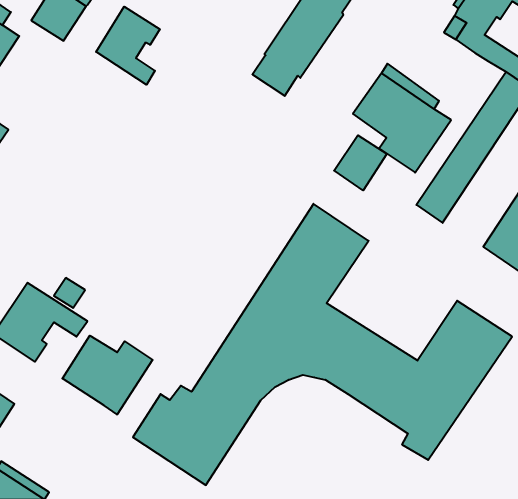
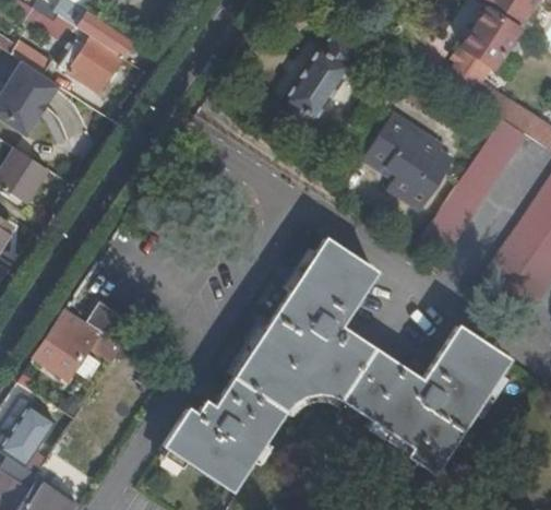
building: [96,7,160,85] -> none
building: [334,135,387,190] -> none
building: [62,336,153,415] -> none

